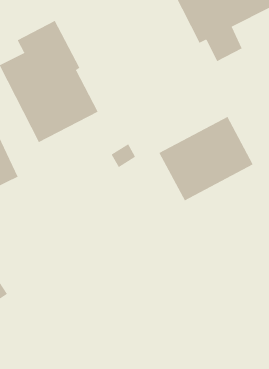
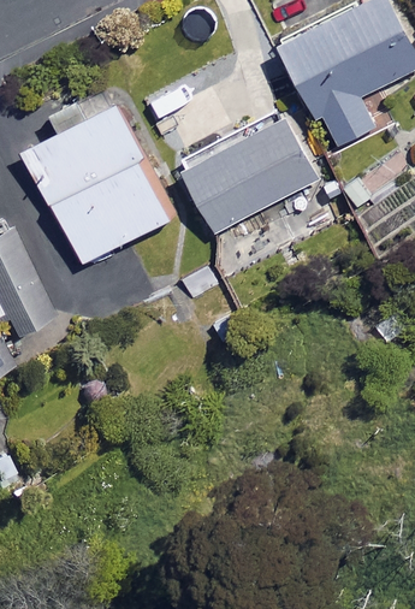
building: [159,116,254,201] -> [178,113,315,236]

